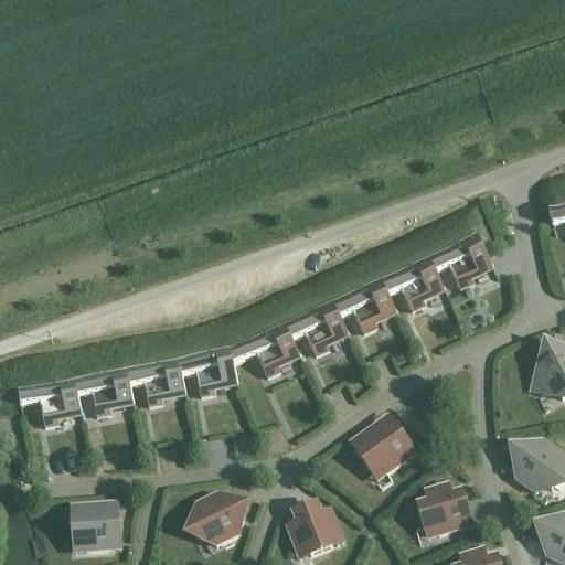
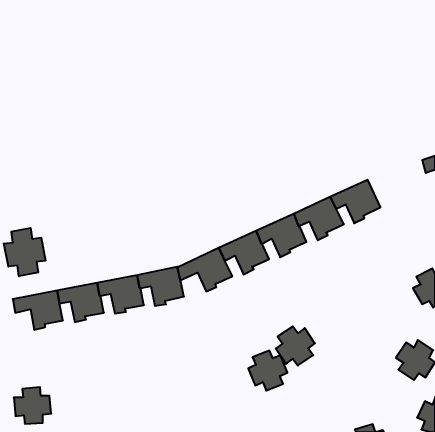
building: none -> [4,228,45,276]
building: [418,484,469,535] -> none
building: [191,493,243,545] -> none
building: [72,503,120,551] -> [14,387,51,424]
building: [288,503,339,555] -> [248,351,287,391]

